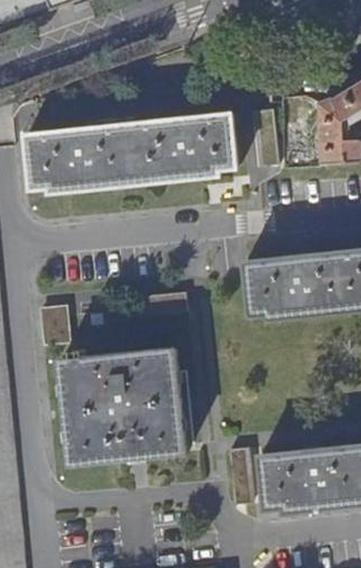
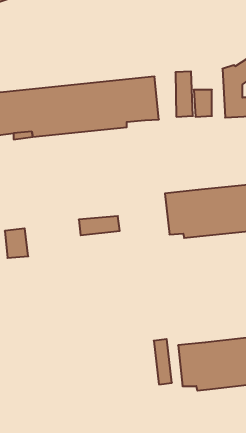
building: [62,348,188,464] -> none

